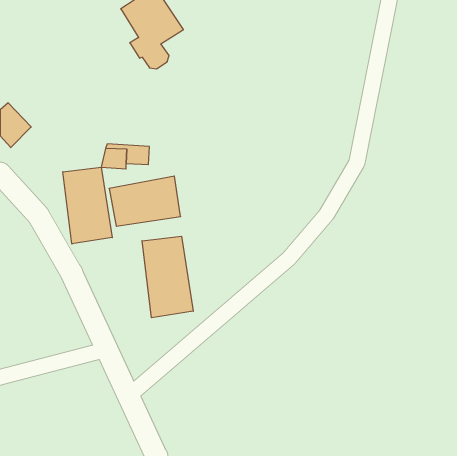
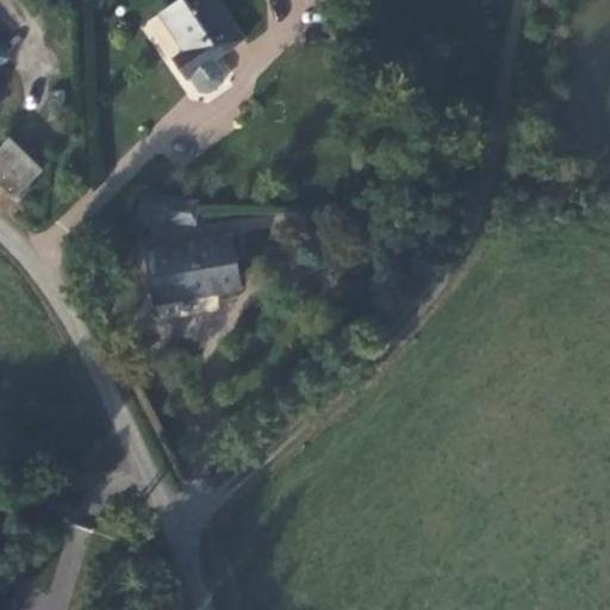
building: [63,167,112,244] -> none
building: [142,236,193,318] -> none

